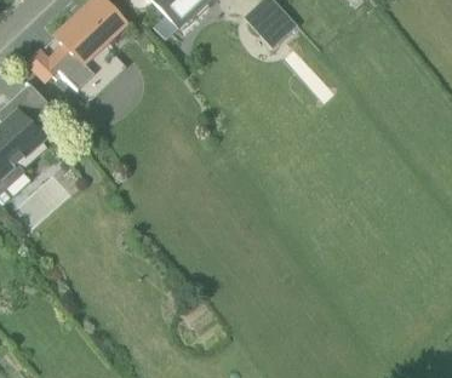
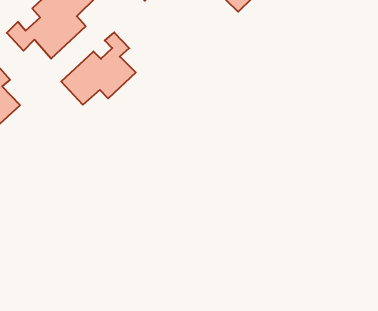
building: none -> [61,32,136,105]

